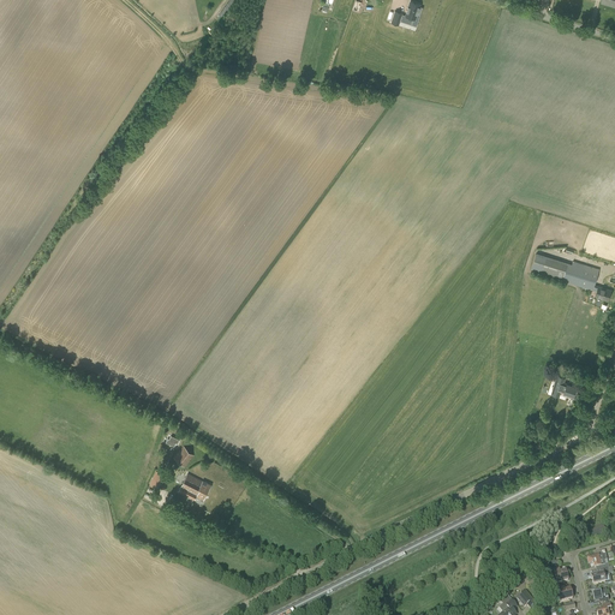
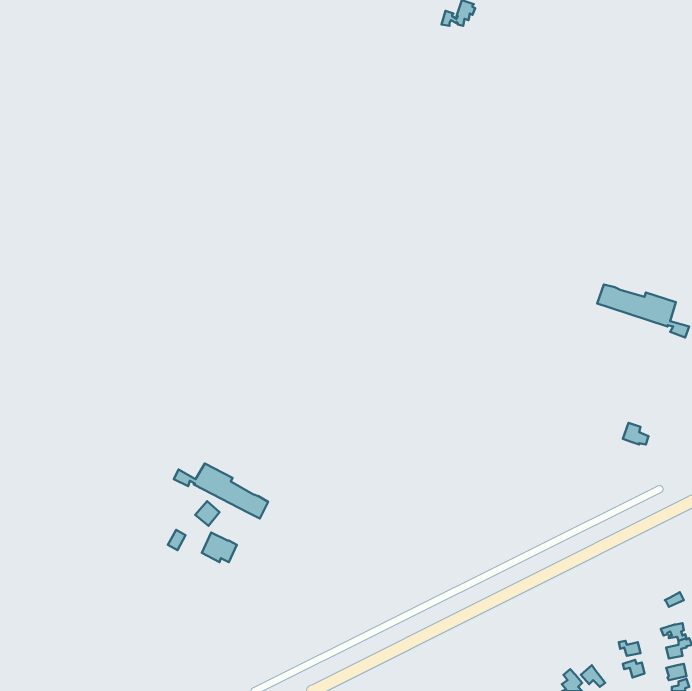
building: none -> [174,463,268,519]

